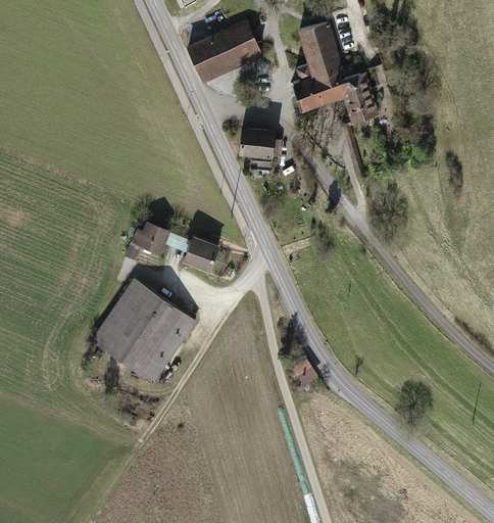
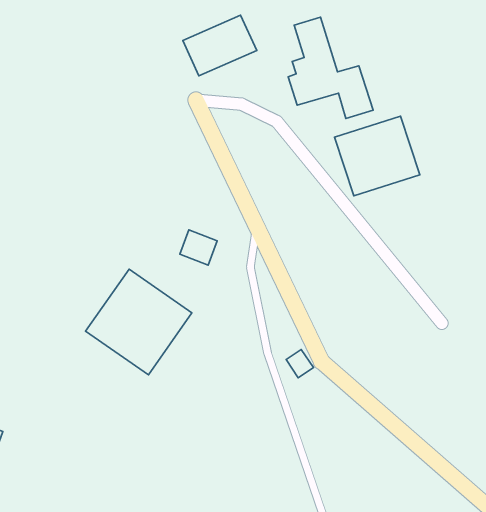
building: none -> [335,116,420,196]
building: [240,128,276,158] -> none
building: [132,223,170,254] -> none

